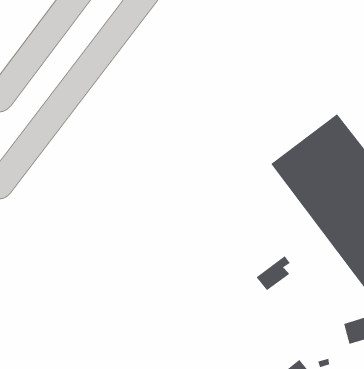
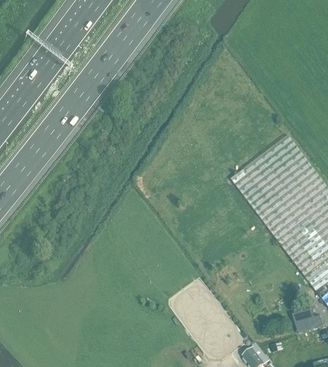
building: [256,255,291,291] -> none

